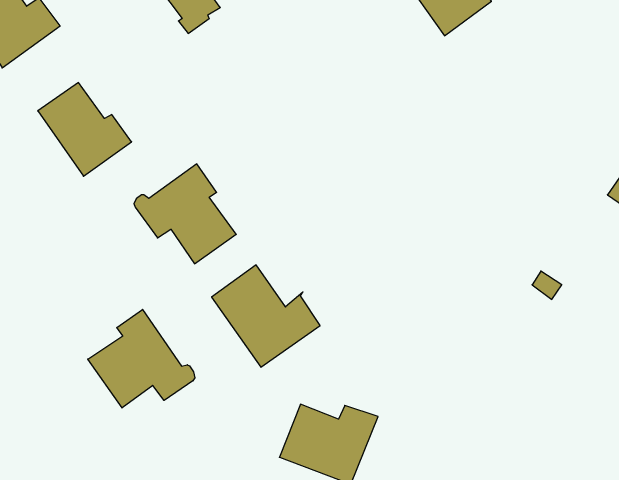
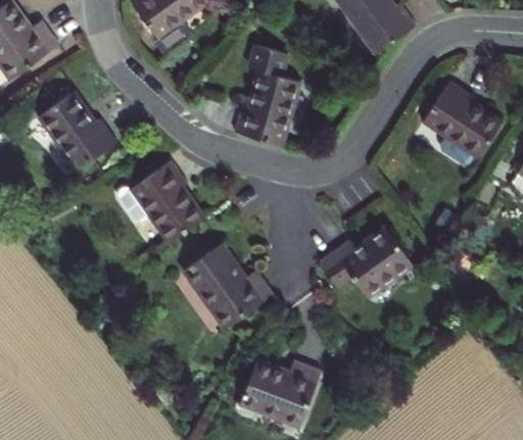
building: none -> [233,45,298,145]
building: none -> [424,81,502,157]
building: none -> [320,227,412,296]
building: [88,309,195,408] -> none

